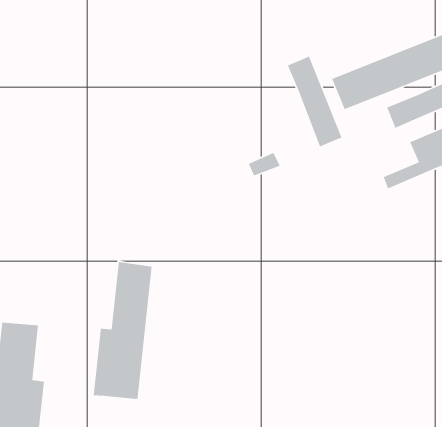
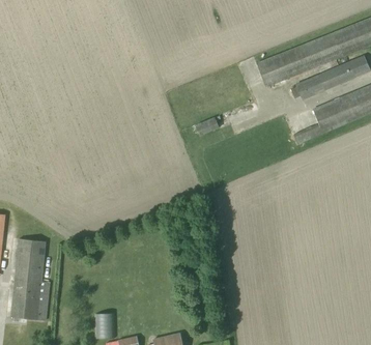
building: [287,56,342,147] -> none
building: [93,261,152,400] -> none

